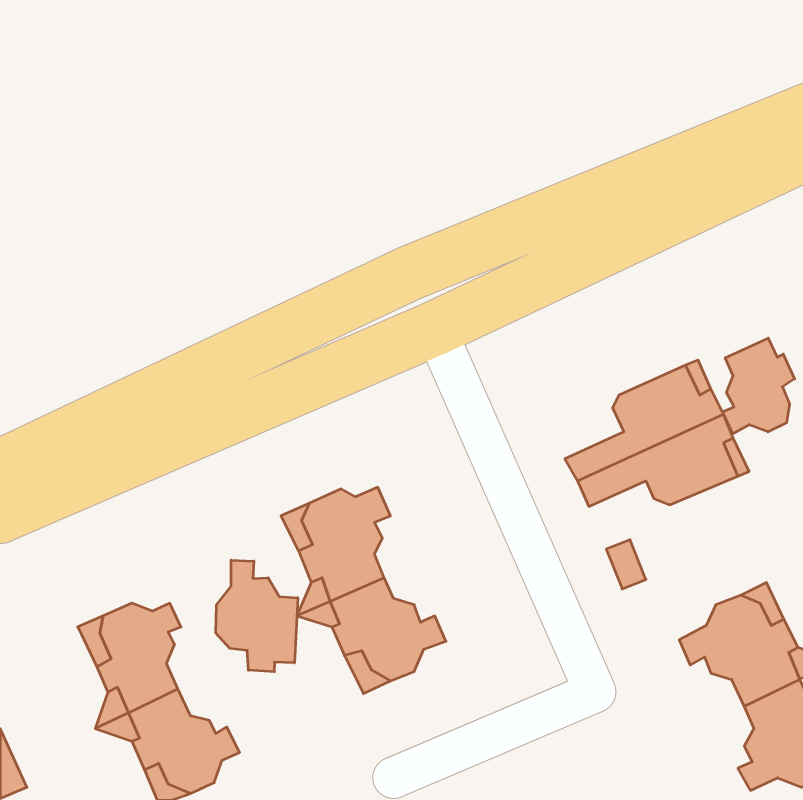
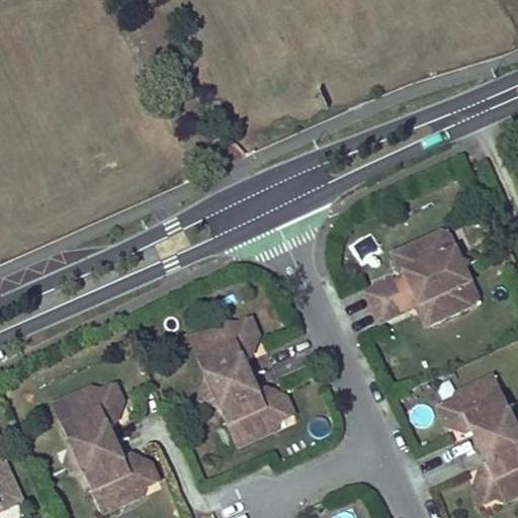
building: [723,338,795,434] -> none
building: [216,560,298,672] -> none

